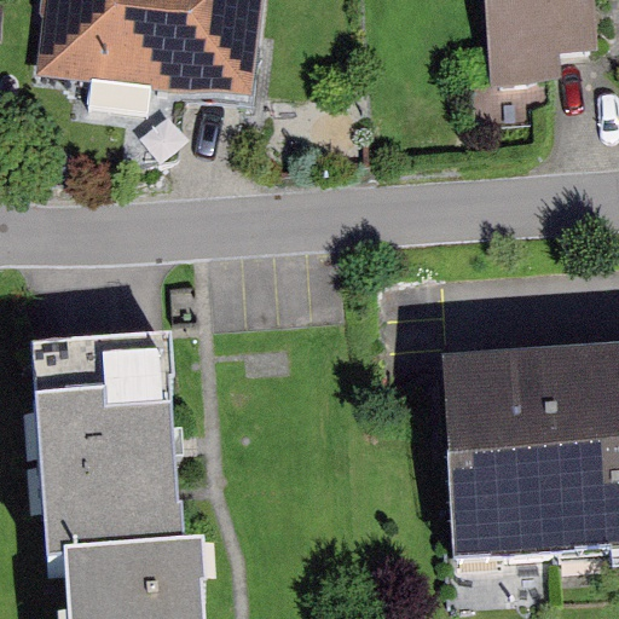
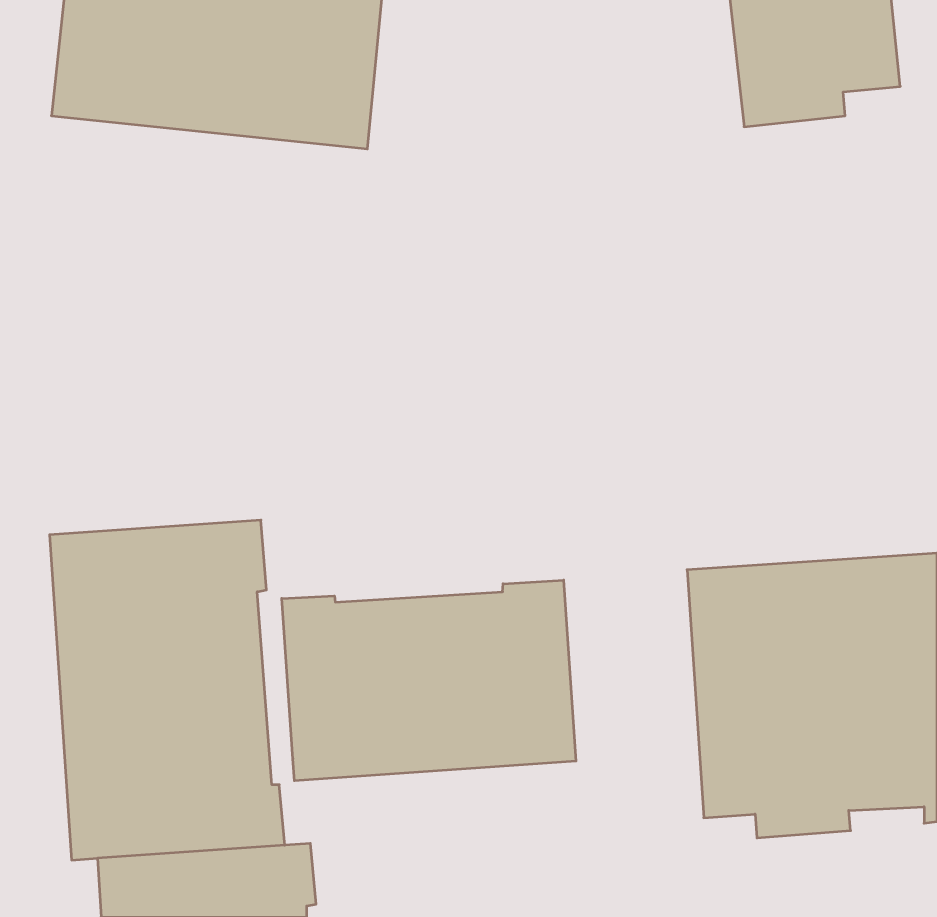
building: none -> [282,580,576,781]

